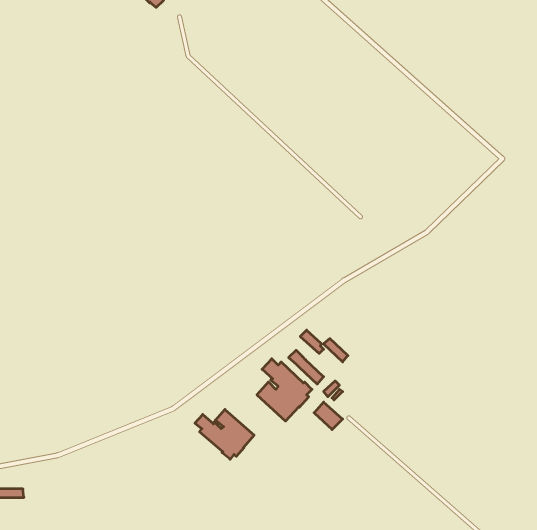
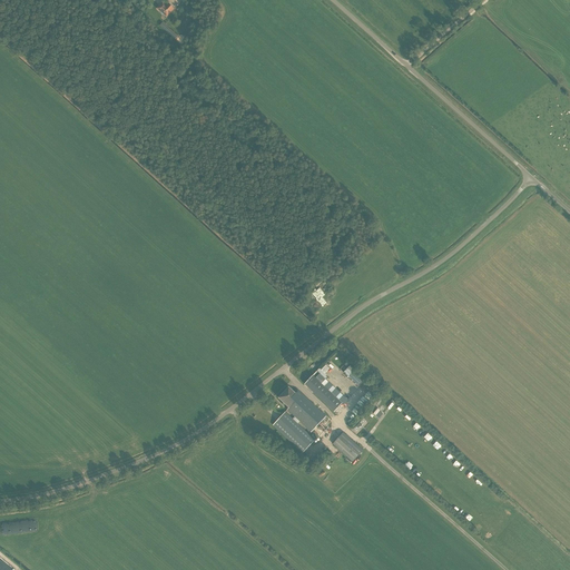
building: [195,409,254,459] -> none

